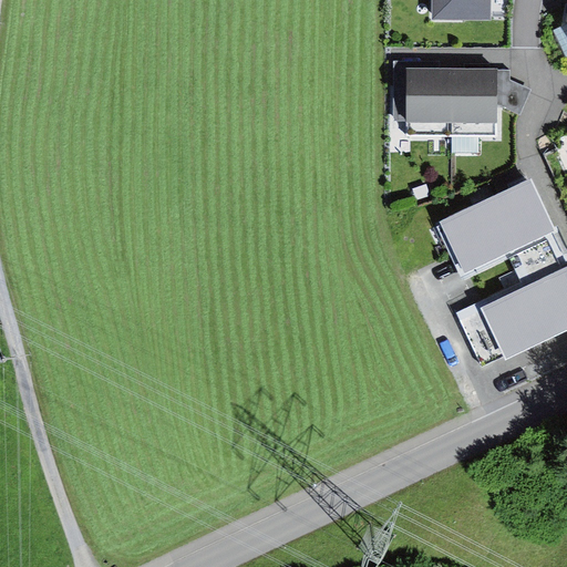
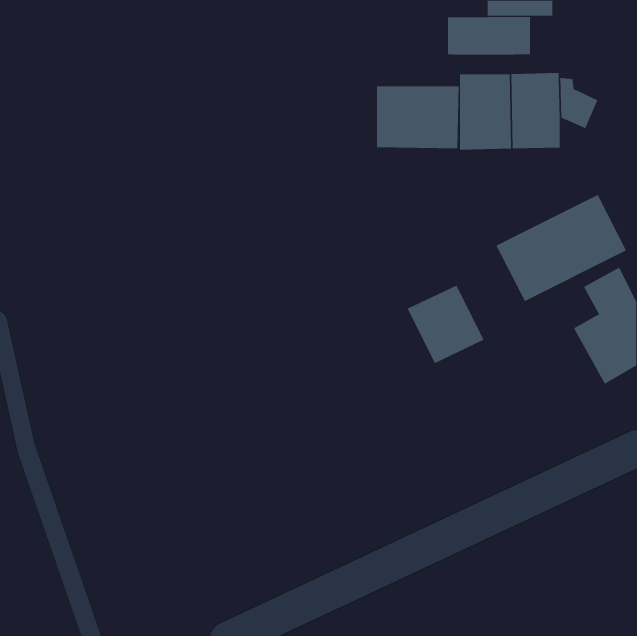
building: none -> [447,16,530,55]
building: none -> [377,85,459,149]
building: [457,298,526,368] -> [407,285,484,364]

